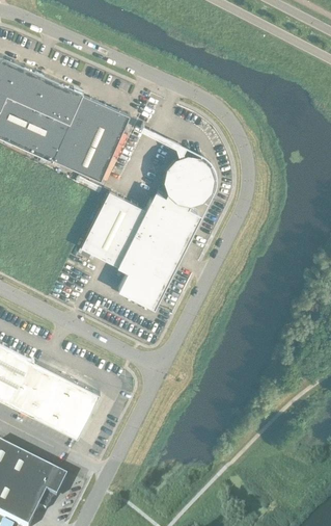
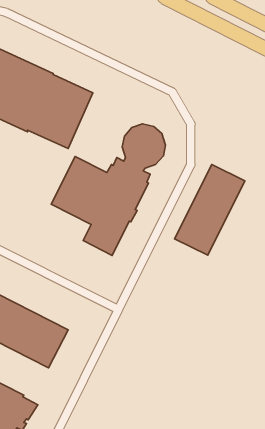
building: none -> [175,164,245,255]

